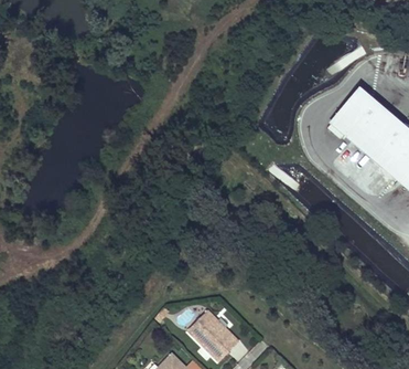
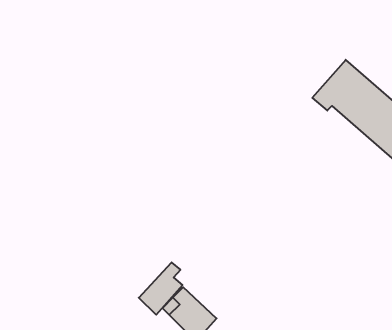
building: none -> [139,262,182,315]

